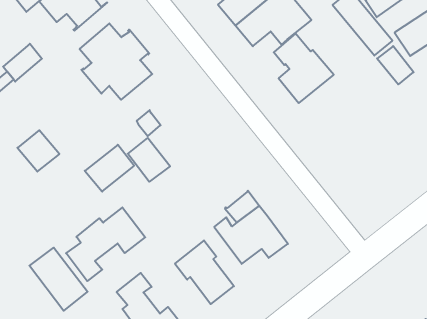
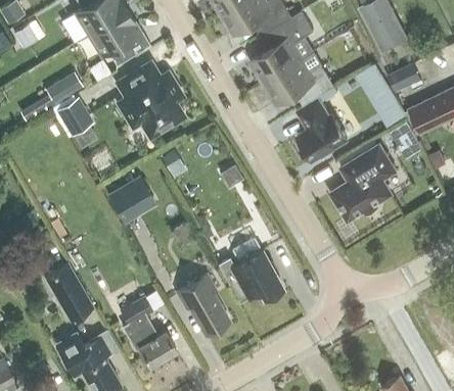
building: none -> [331,146,395,221]
building: [17,130,59,172] -> [55,98,93,136]
building: [128,138,170,182] -> none
building: [66,207,145,281] -> none

